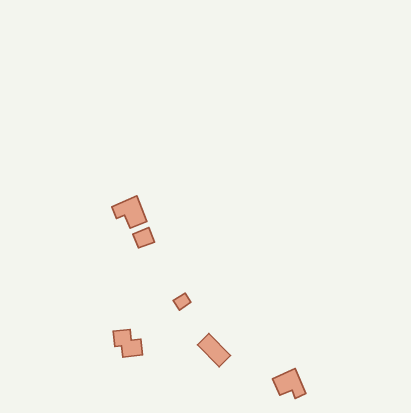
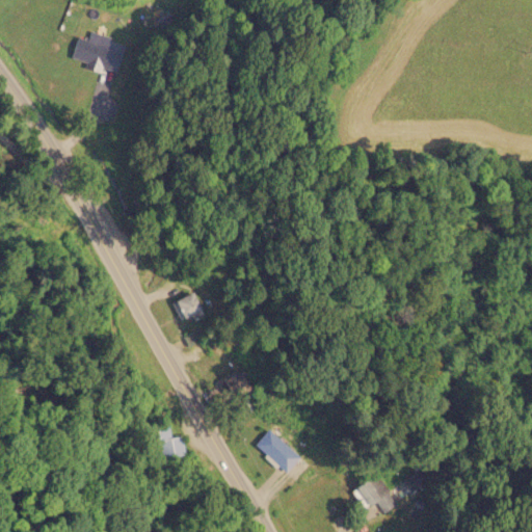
building: none -> [72,31,127,75]
building: [112,196,147,228] -> none

